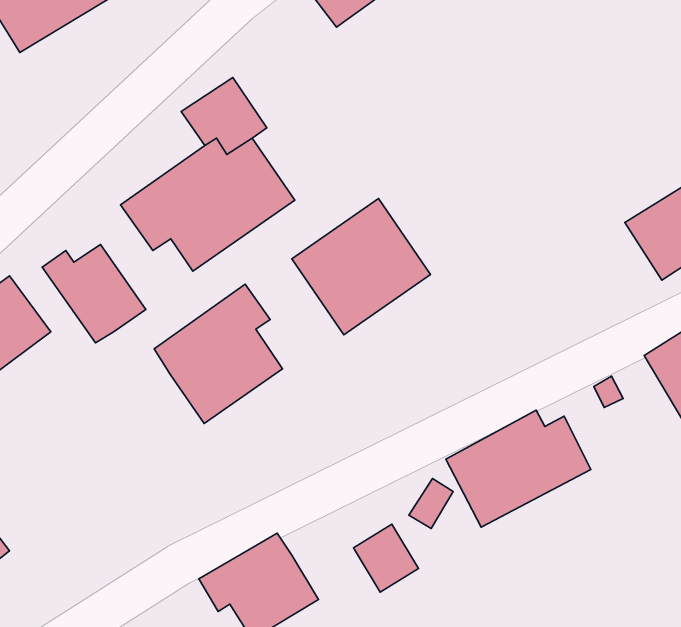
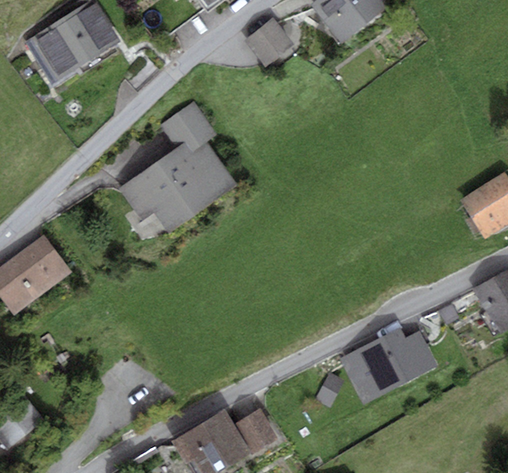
building: [292,198,430,335] -> none
building: [42,244,146,343] -> none
building: [154,284,282,423] -> none
building: [353,524,418,592] -> [235,408,279,454]

